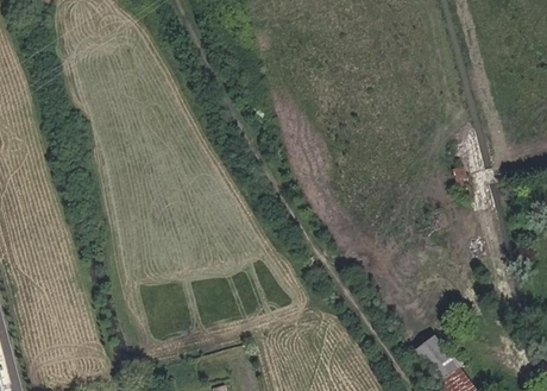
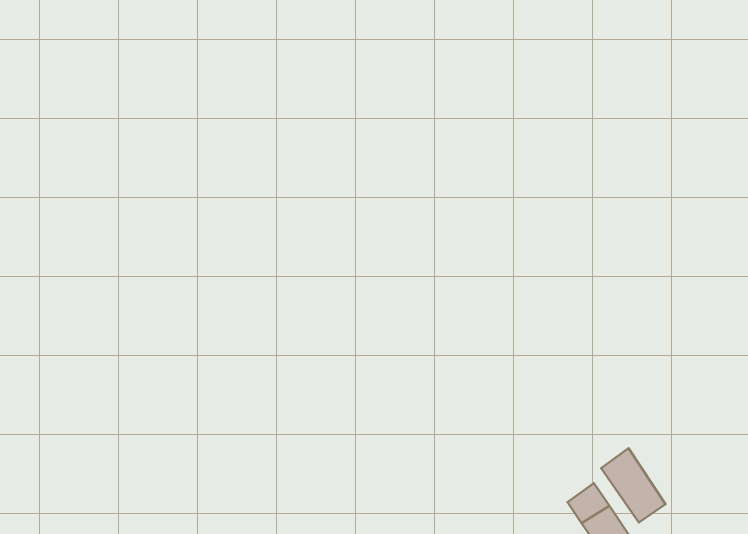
building: none -> [601,448,665,522]

